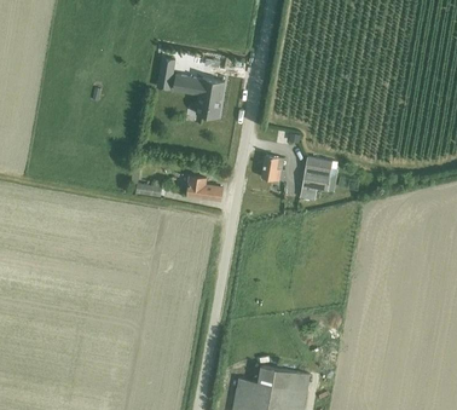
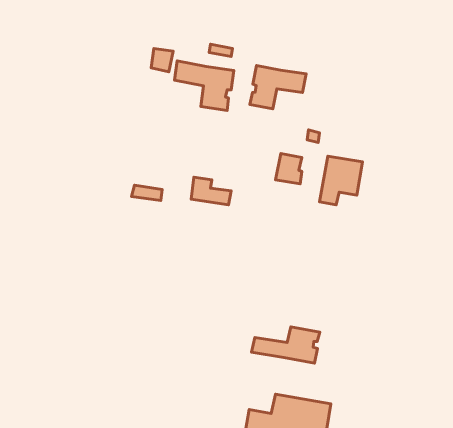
building: none -> [250,65,306,109]
building: none -> [252,327,320,363]

